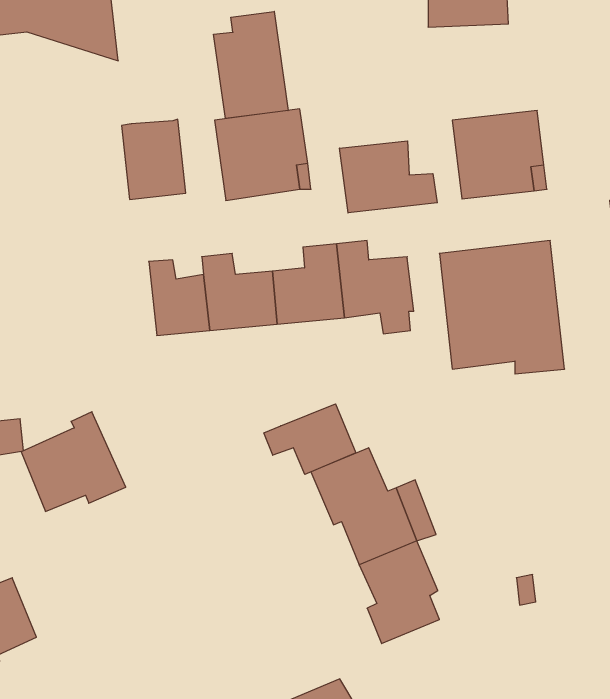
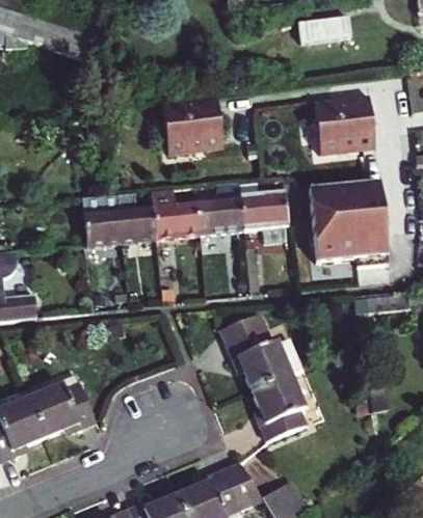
building: [214,11,288,118] -> none
building: [122,119,186,199] -> [81,194,123,246]
building: [340,141,437,213] -> none
building: [264,404,356,474] -> none
building: [21,412,126,511] -> [29,373,97,437]

